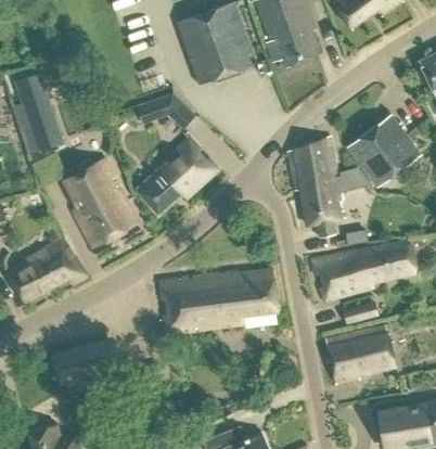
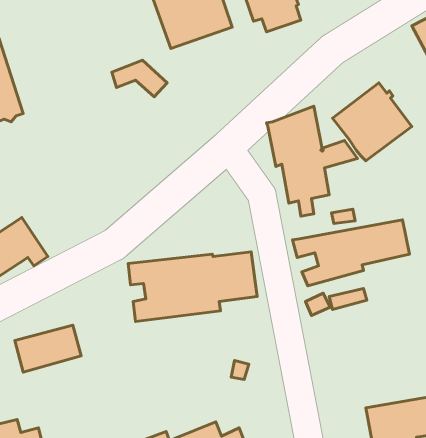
building: [136,138,217,214] -> none
building: [64,158,138,246] -> none
building: [324,324,395,384] -> none

